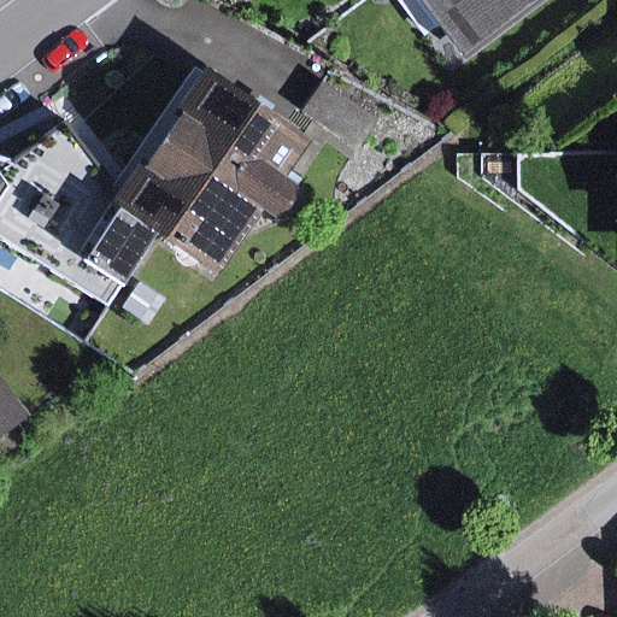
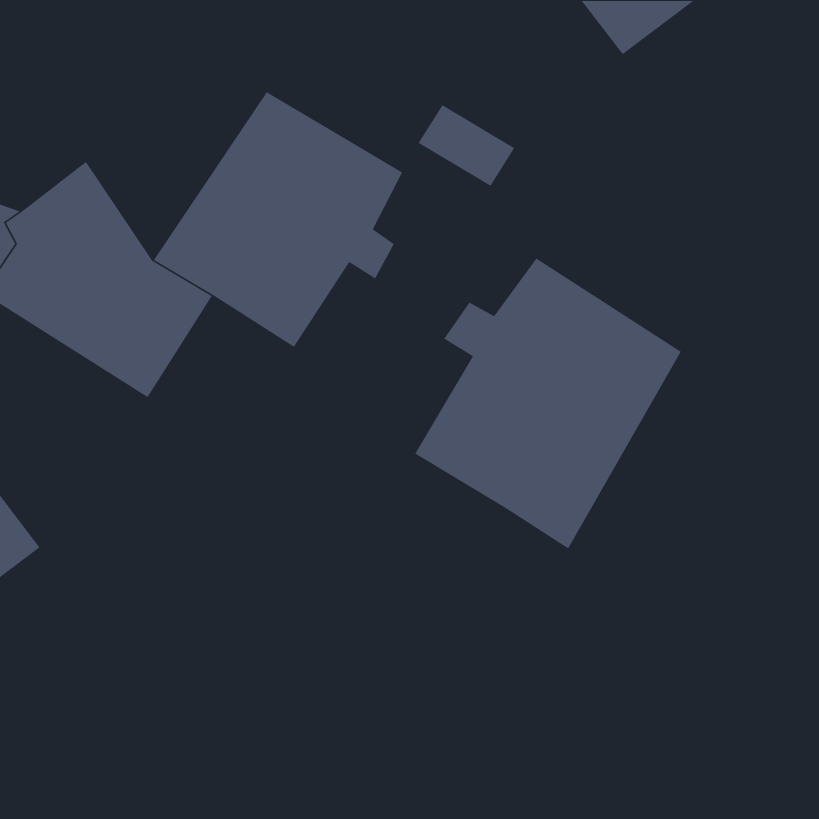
building: none -> [414,257,682,550]

